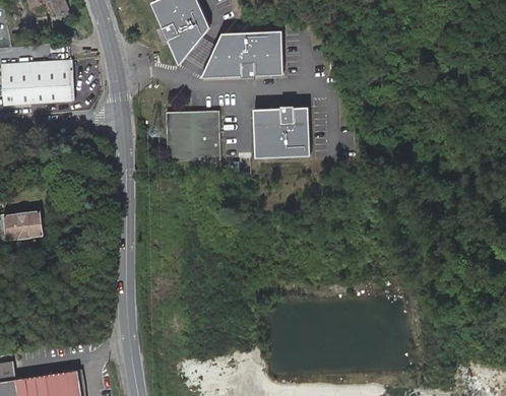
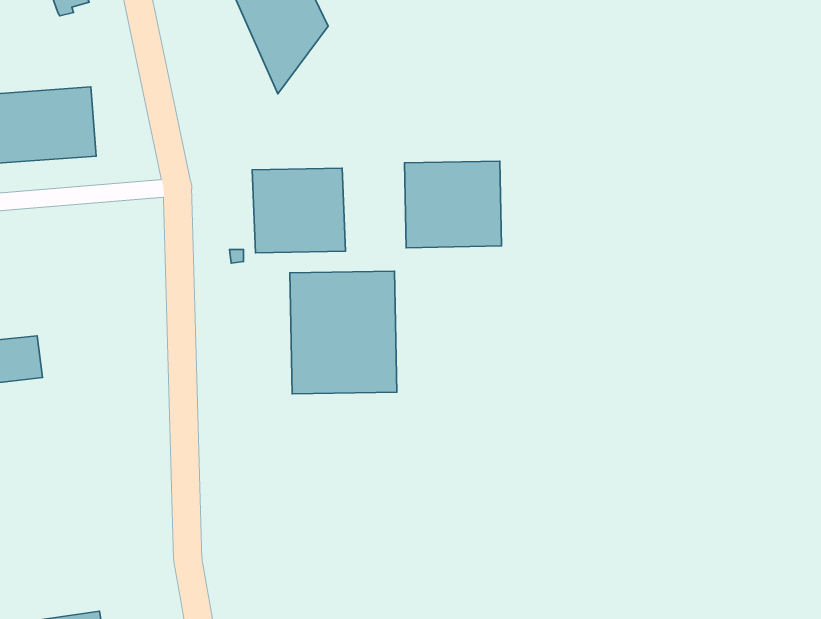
building: [200,30,282,80] -> none
building: none -> [290,271,397,394]

